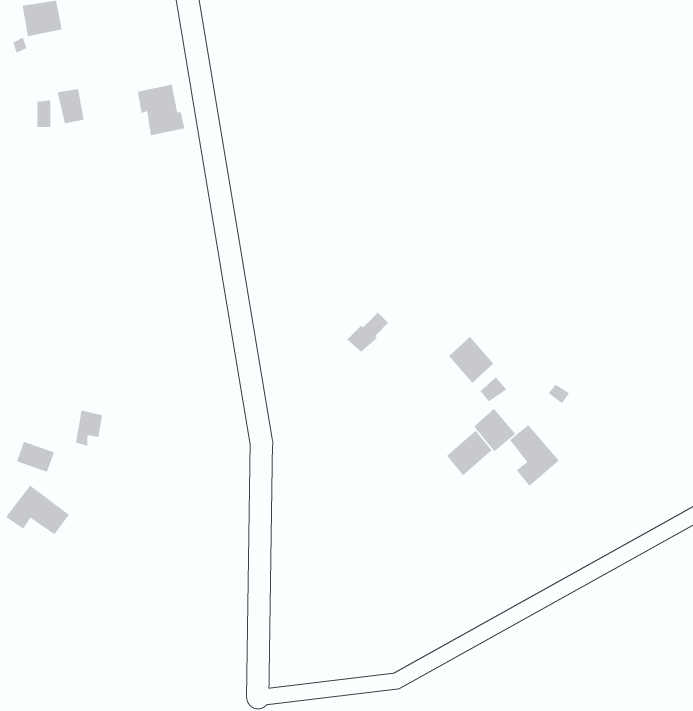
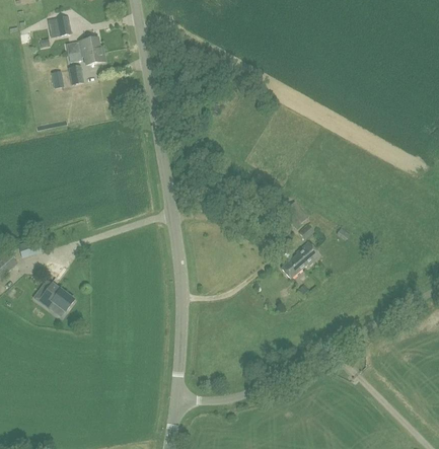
building: [137,84,185,136] -> [78,36,104,65]
building: [509,424,559,487] -> none

